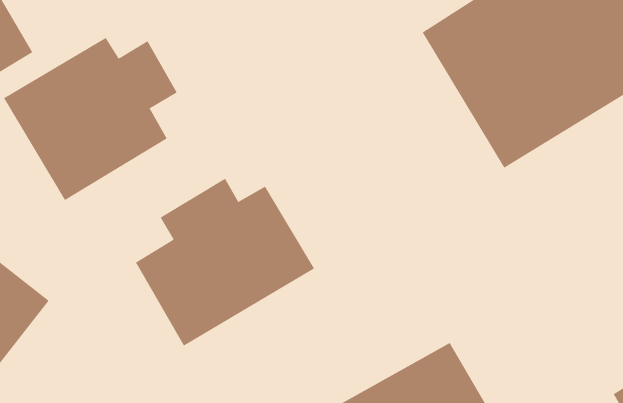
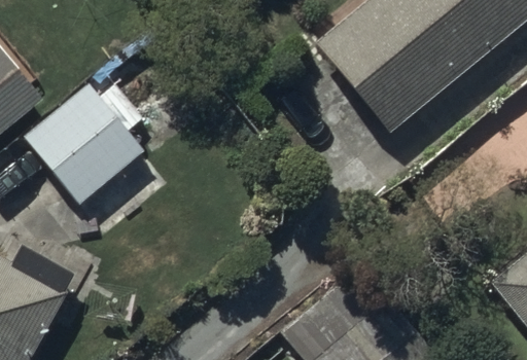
building: [135,178,315,347] -> none

